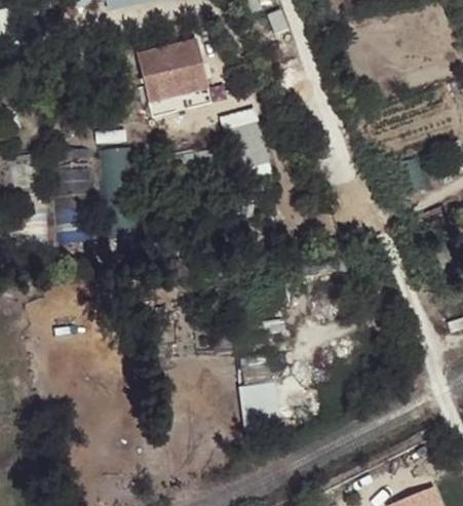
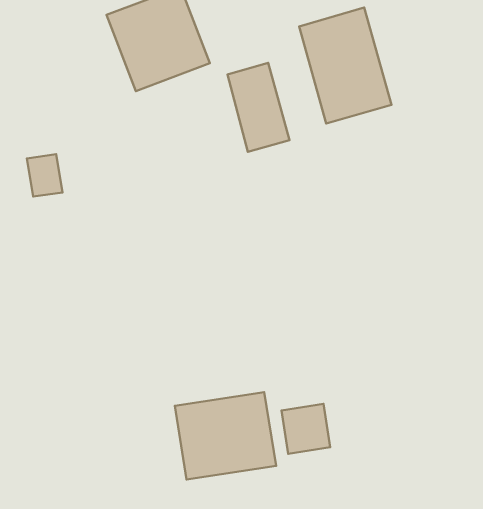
building: none -> [299,8,391,124]
building: none -> [175,392,276,479]

